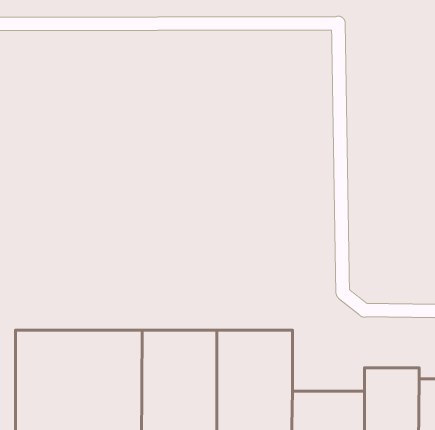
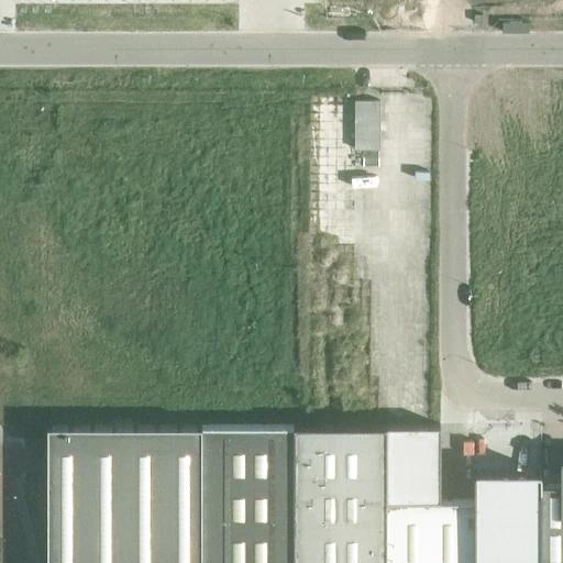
building: none -> [354,107,380,157]
building: none -> [386,433,440,508]

